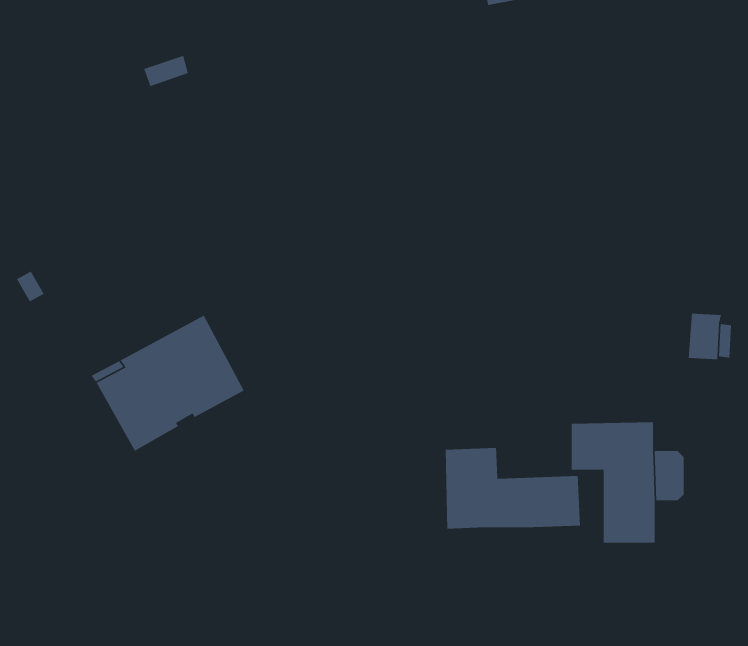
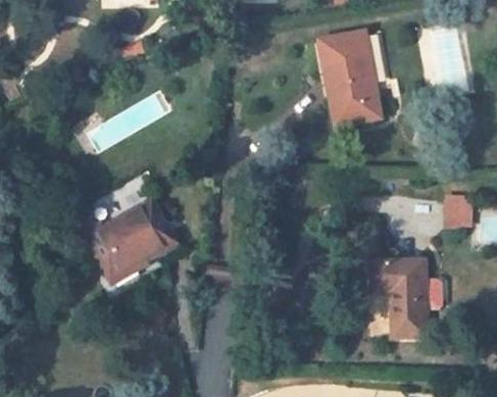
building: none -> [320,32,381,126]
building: [445,447,581,530] -> none

